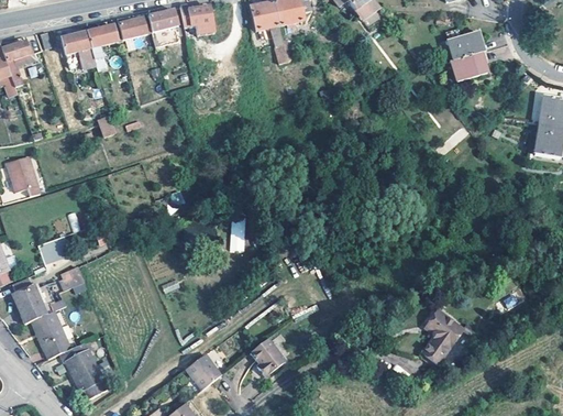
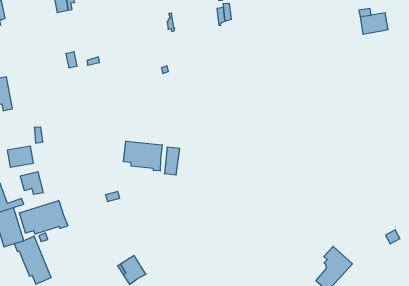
building: [450,52,485,80] -> none
building: none -> [124,141,162,171]
building: none -> [19,200,68,234]
building: [249,339,283,376] -> none

